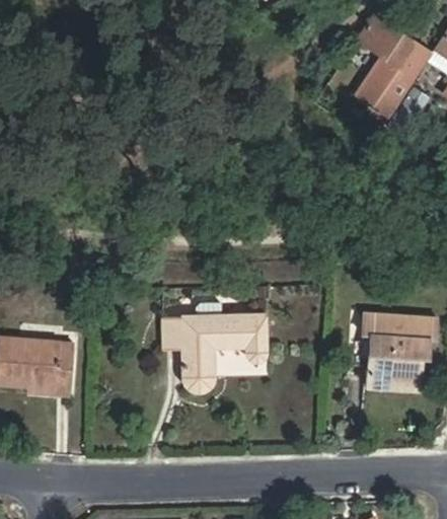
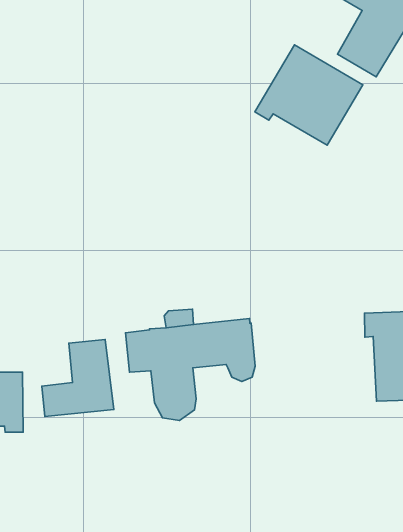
building: none -> [255,45,363,145]
building: none -> [42,339,114,417]

